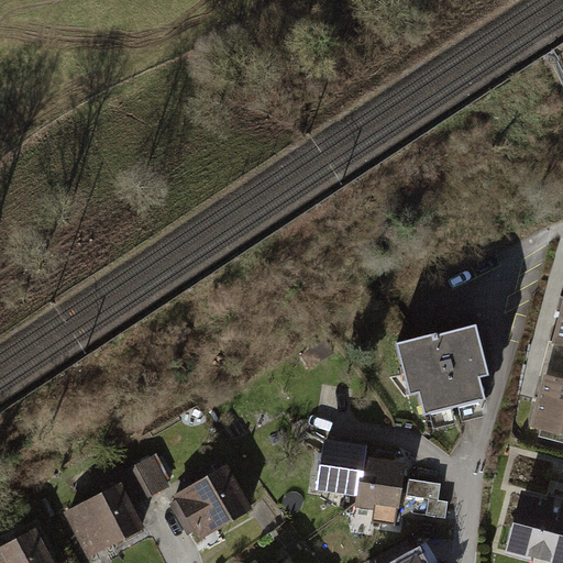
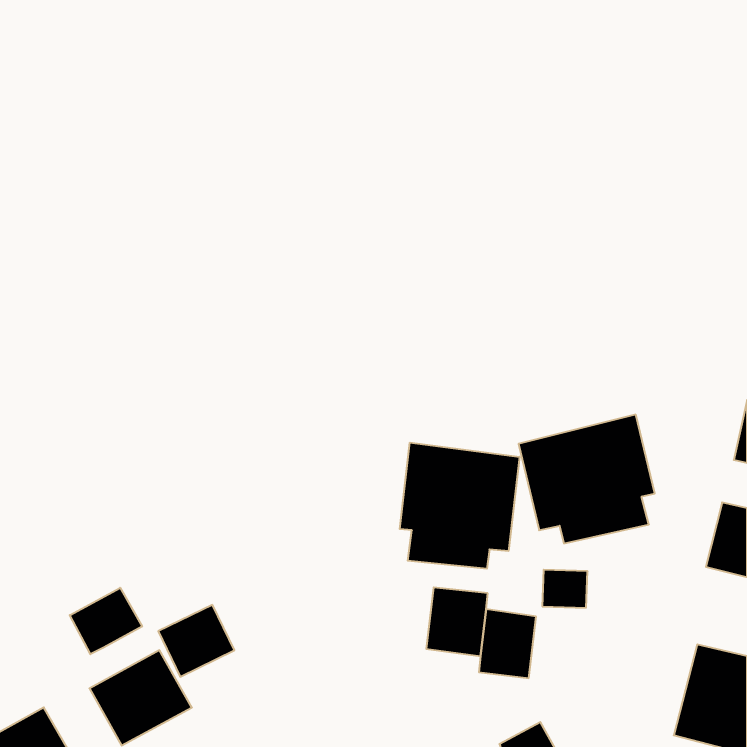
building: none -> [400,443,519,569]
building: none -> [70,588,142,654]
building: [175,466,254,544] -> none
building: [408,481,442,509] -> [542,570,588,608]

